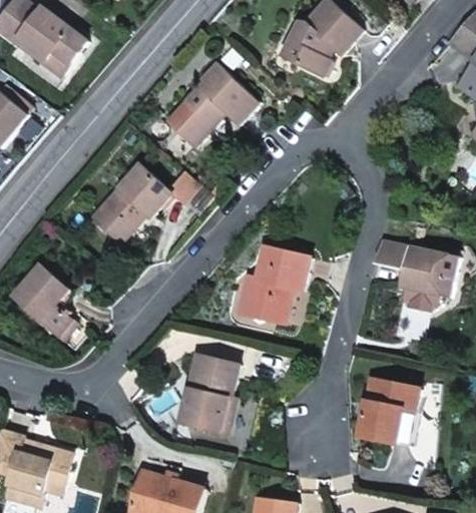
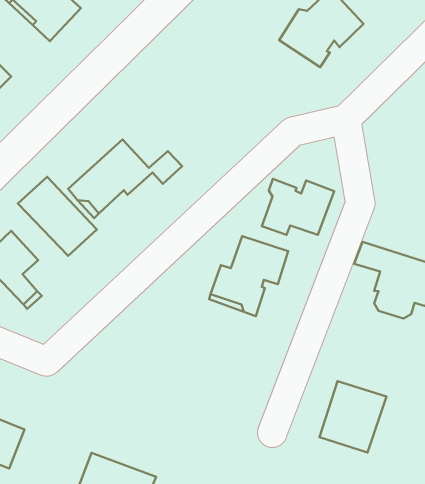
building: [166,62,257,145] -> none
building: none -> [262,179,334,235]
building: none -> [18,177,97,256]
building: [179,355,239,433] -> none

